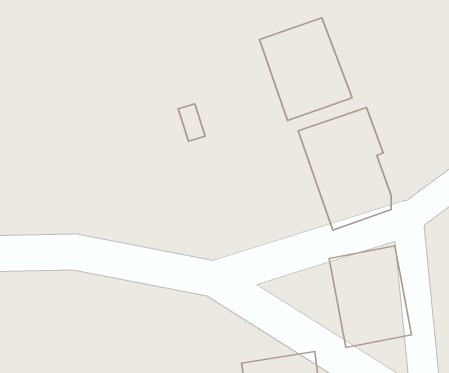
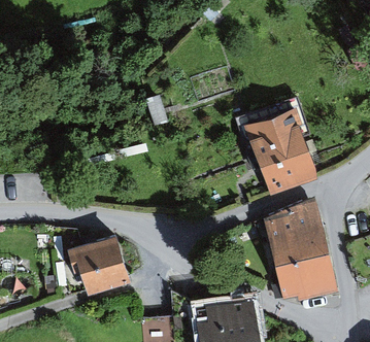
building: [259,18,352,120] -> none
building: none -> [67,235,131,294]

